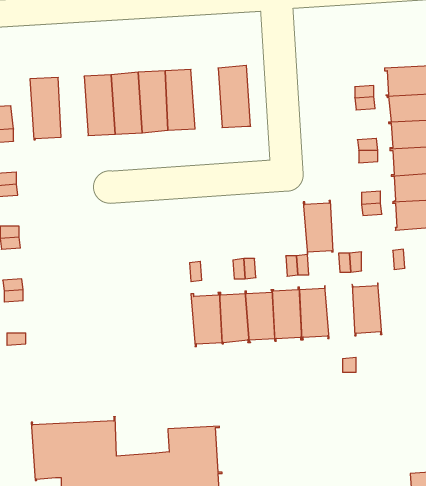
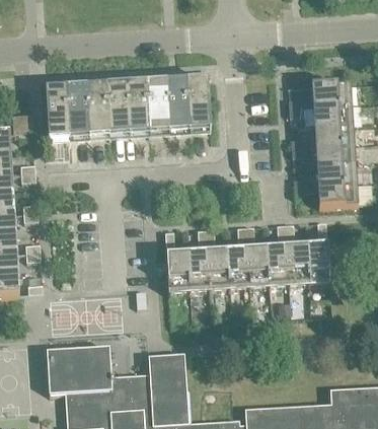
building: none -> [166,84,190,130]
building: none -> [67,90,89,136]
building: [303,201,333,255] -> [267,246,289,287]
building: none -> [306,243,329,284]

